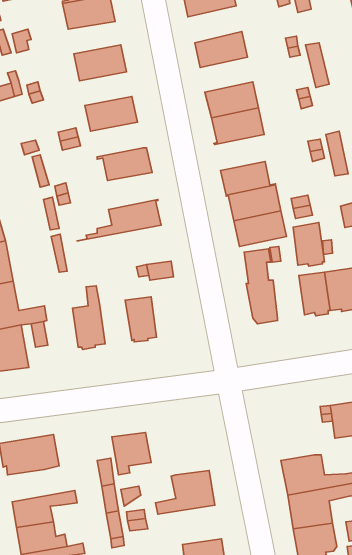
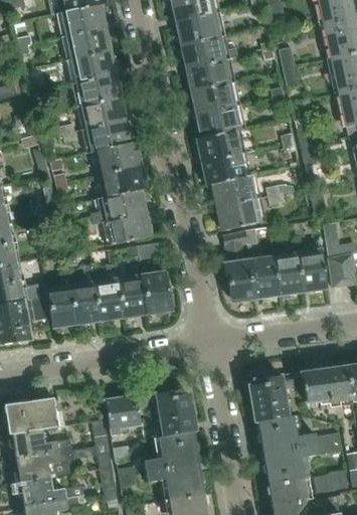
building: none -> [173,14,221,47]
building: none -> [65,28,113,57]
building: none -> [184,60,231,92]
building: none -> [75,73,123,104]
building: none -> [85,119,133,150]
building: none -> [197,130,242,162]
building: none -> [101,164,146,197]
building: [293,223,325,266] -> [249,256,278,296]
building: none -> [74,211,154,242]
building: none -> [94,265,123,320]
building: none -> [45,271,74,326]
building: none -> [140,272,172,313]
building: none -> [247,375,289,422]
building: none -> [135,390,195,436]
building: none -> [11,431,71,460]
building: none -> [146,463,203,498]

